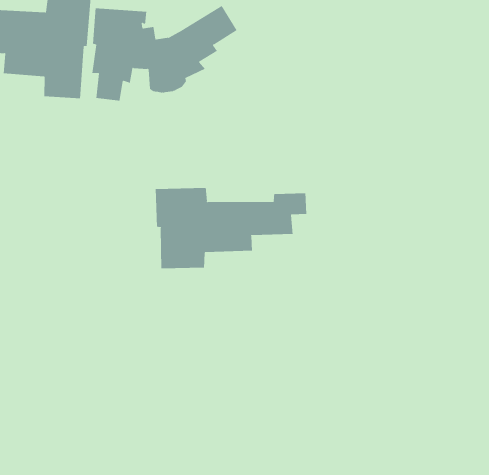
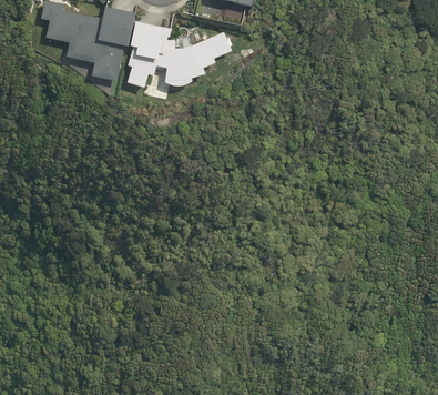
building: [155,187,307,269] -> none

